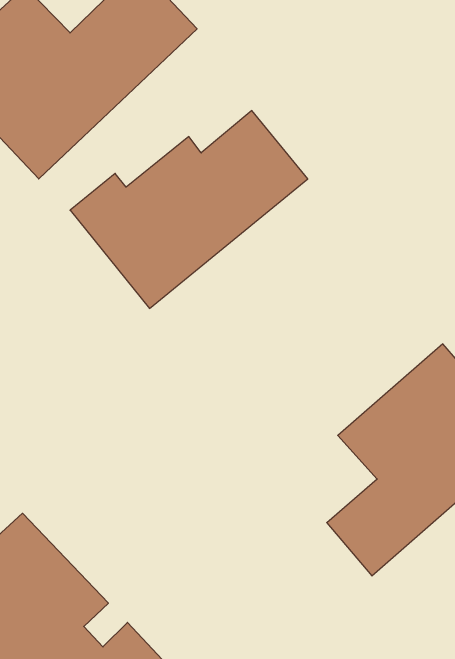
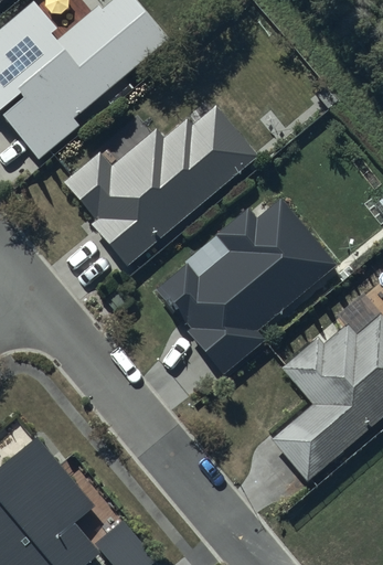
building: none -> [159,199,336,372]

